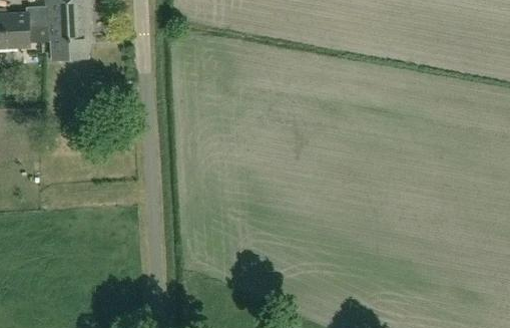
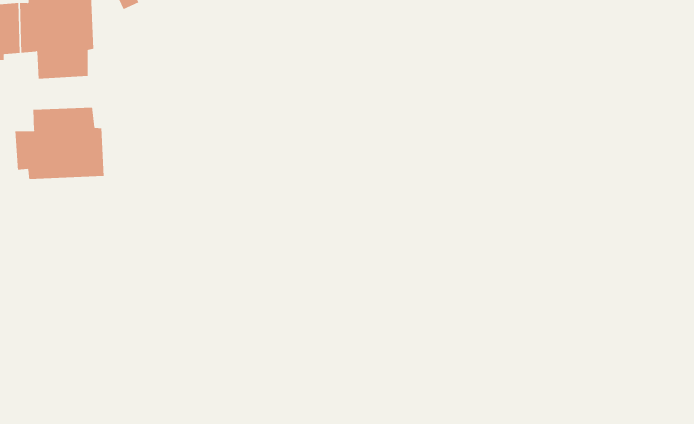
building: none -> [15,107,104,180]

